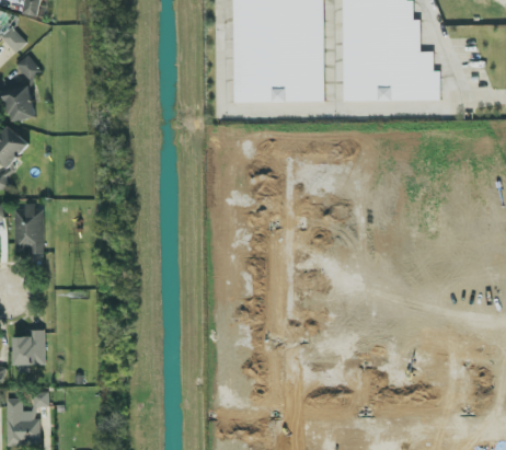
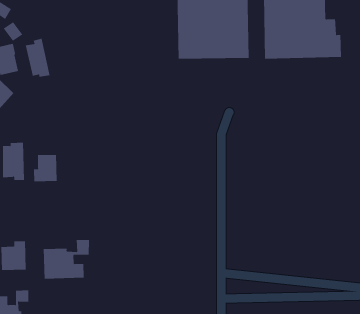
building: none -> [25,38,50,78]
building: none -> [33,154,57,182]
building: none -> [43,239,90,279]

